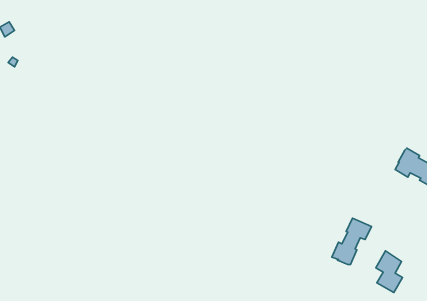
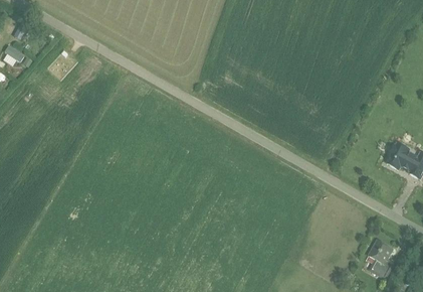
building: [332,218,371,264] -> none

